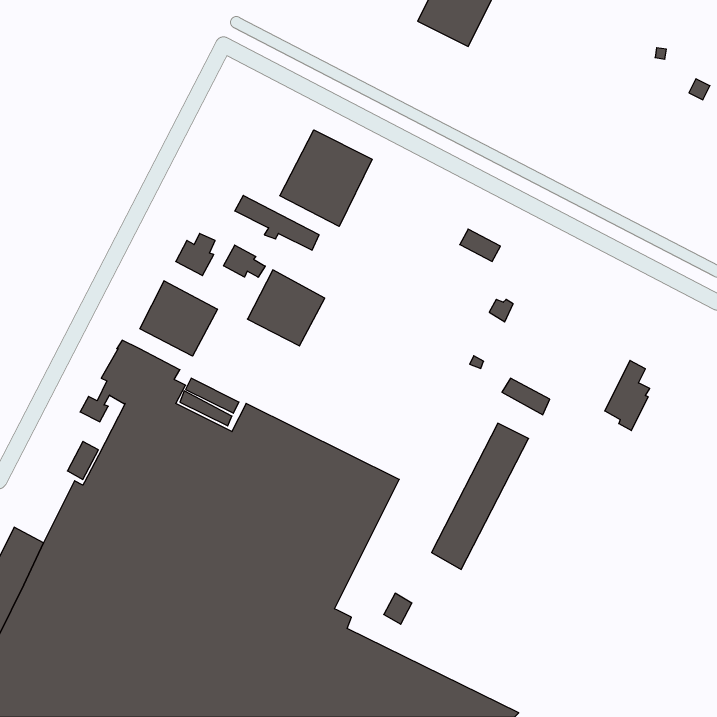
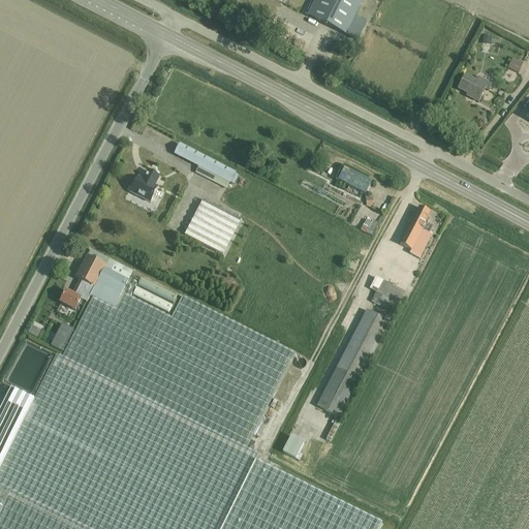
building: none -> [457,74,491,101]
building: [280,130,372,226] -> none
building: [224,245,265,277] -> none
building: [140,281,217,356] -> none
building: [605,360,650,431] -> [399,207,432,258]

